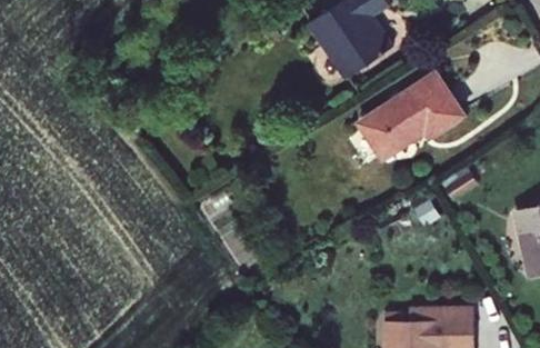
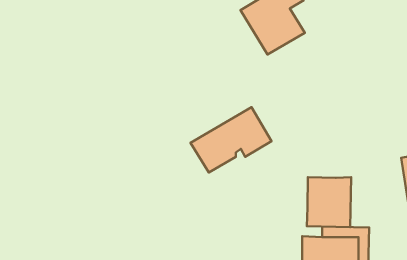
building: [354,77,458,160] -> [191,107,271,172]
building: none -> [307,177,351,227]

